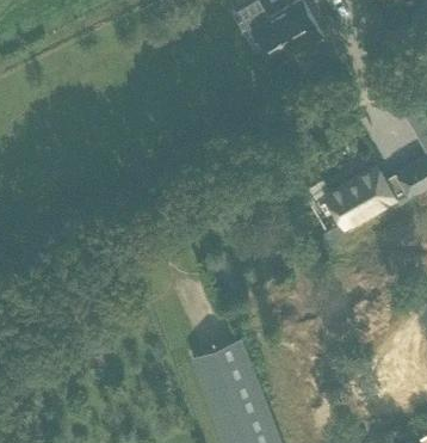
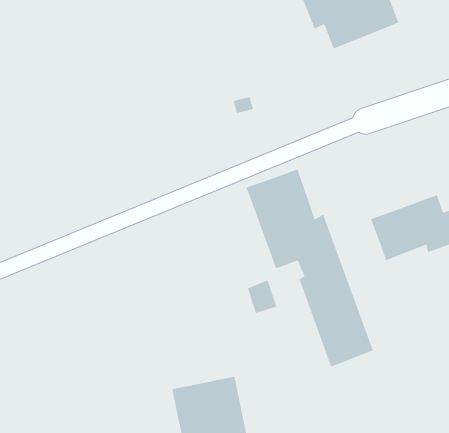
building: none -> [246,168,373,368]

